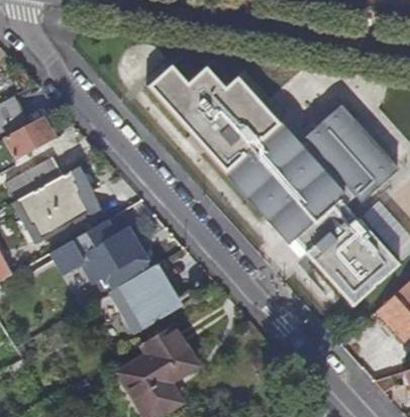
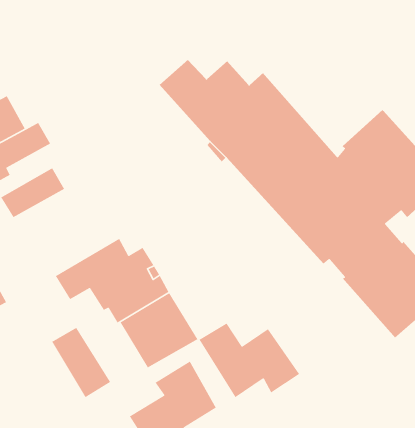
building: [18,172,92,240] -> none
building: none -> [198,322,300,398]
building: none -> [51,327,111,398]

